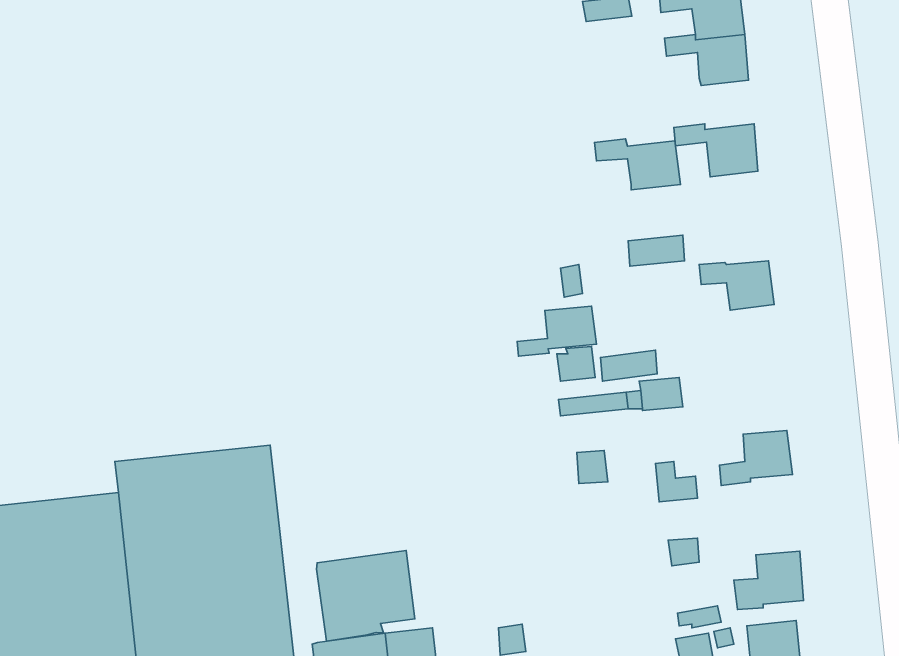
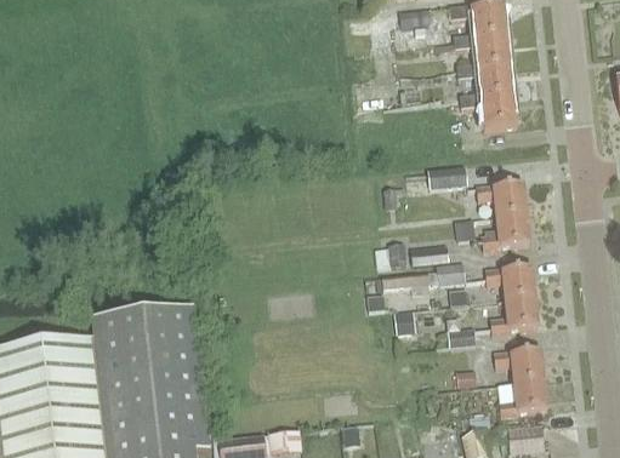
building: [595,139,680,190] -> [456,64,513,98]
building: none -> [482,214,529,251]
building: [517,306,597,356] -> none
building: none -> [484,268,535,300]
building: none -> [494,351,544,380]
building: [317,550,415,641] -> none

